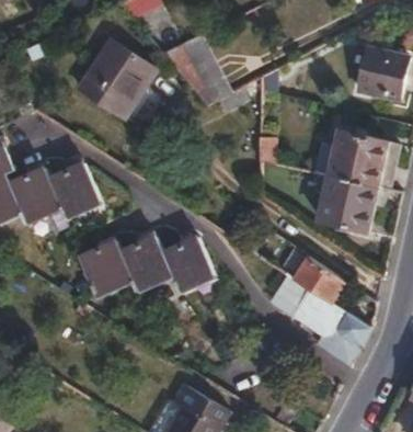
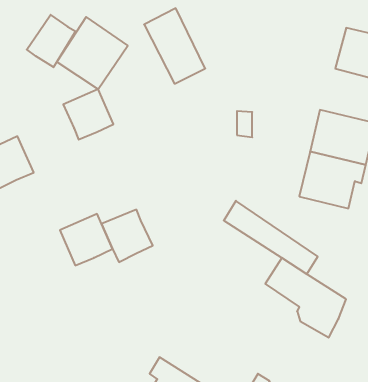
building: none -> [27,15,76,67]
building: [45,159,95,209] -> [63,89,113,140]
building: [163,231,216,283] -> none

